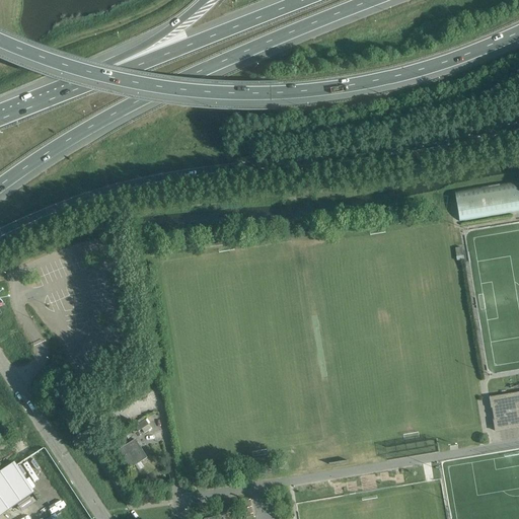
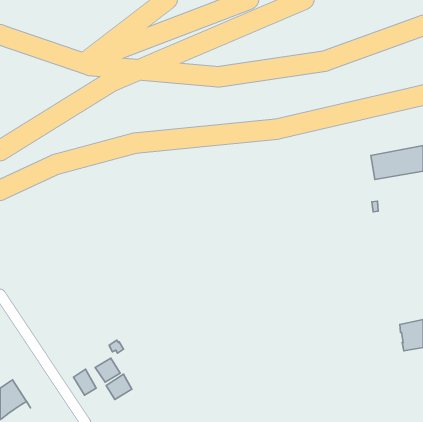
building: none -> [73,369,96,395]
building: none -> [106,374,132,399]

